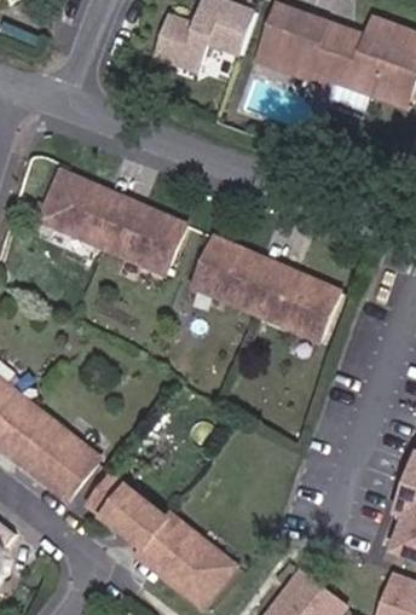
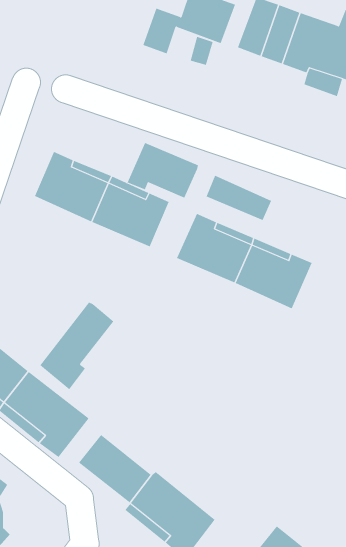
building: none -> [127,142,198,198]
building: none -> [206,175,272,221]
building: none -> [40,302,114,390]

